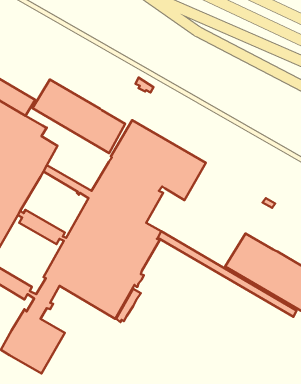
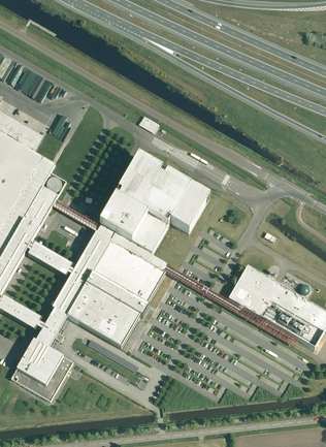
building: [32,79,125,153] -> none

